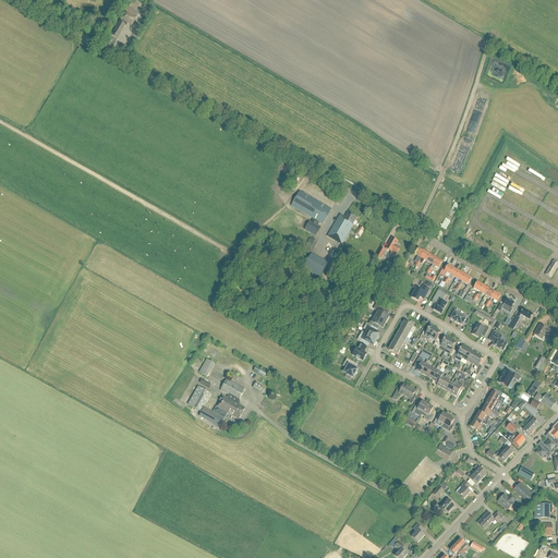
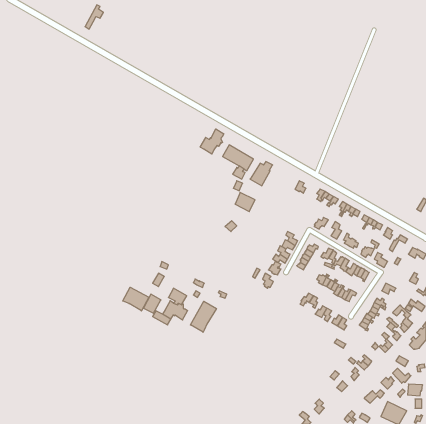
building: none -> [200,129,224,154]
building: none -> [123,287,149,311]
building: none -> [190,301,216,332]

